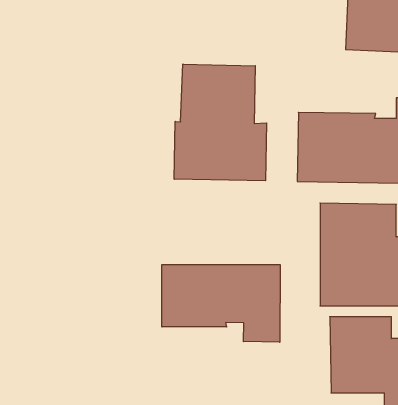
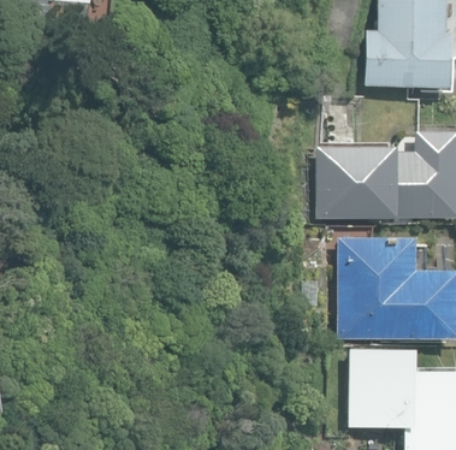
building: [174,64,266,181] -> none
building: [162,265,280,342] -> none

